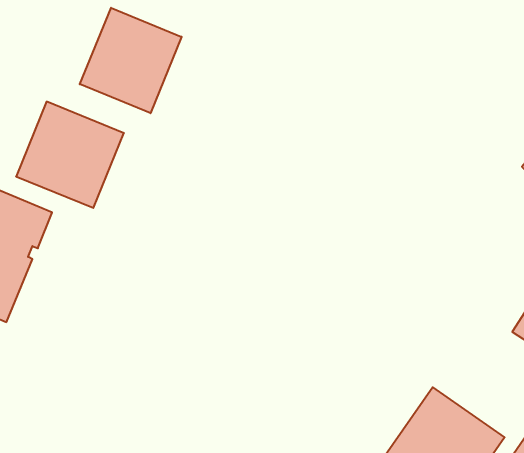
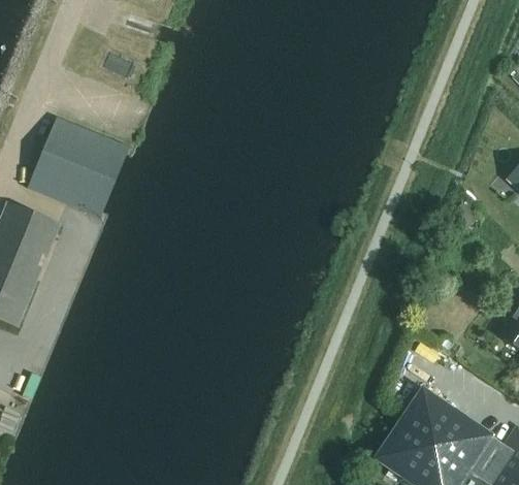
building: [80,8,182,113] -> none

